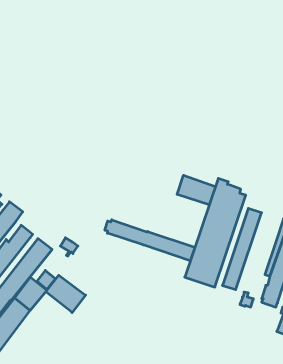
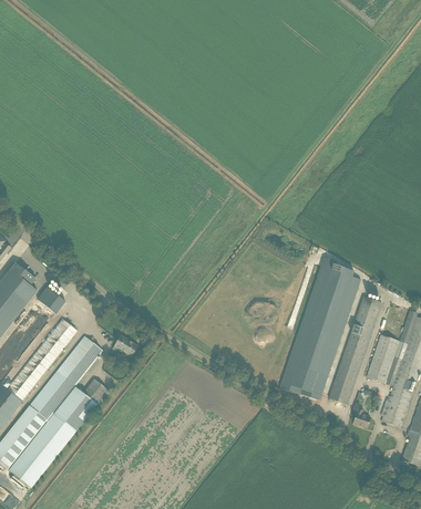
building: [177,175,215,205] -> none
building: [105,220,195,261] -> none
building: none -> [366,333,400,383]
building: [46,275,86,313] -> none

